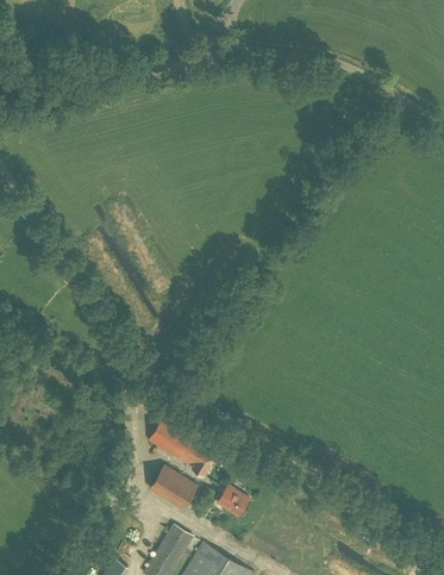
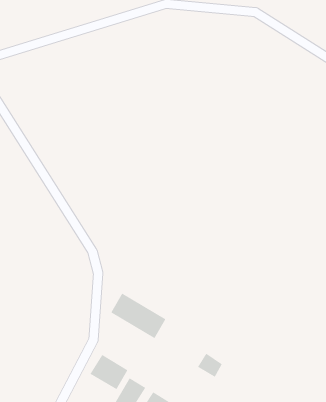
building: [149,465,198,511] -> [90,354,128,390]
building: [217,486,249,517] -> [197,353,223,377]

